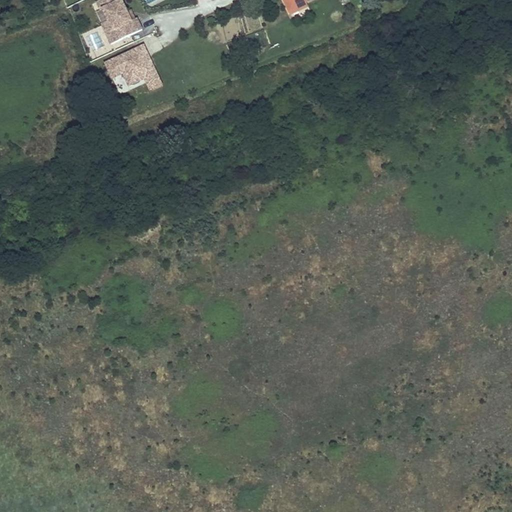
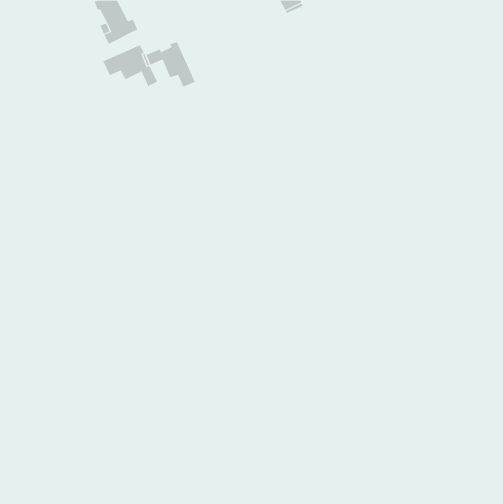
building: none -> [146,41,195,87]

